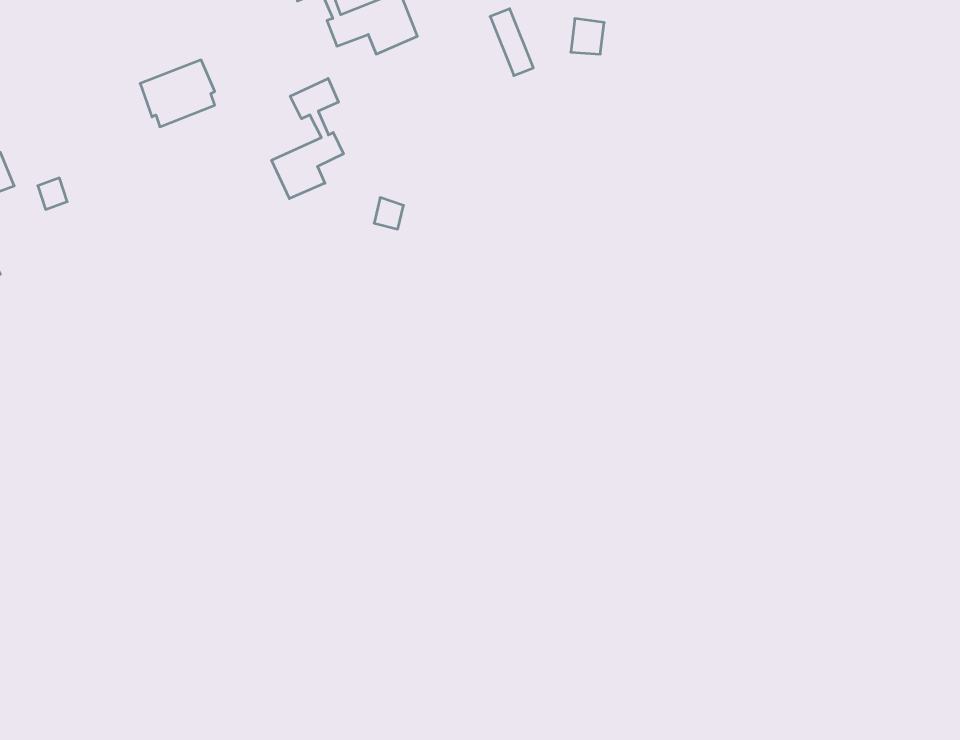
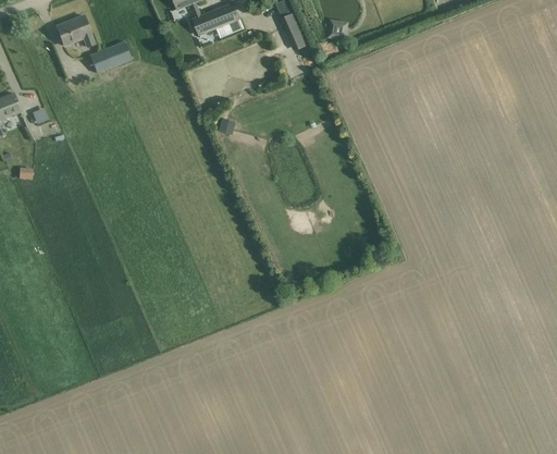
building: none -> [55,14,94,46]
building: [272,78,343,199] -> none

